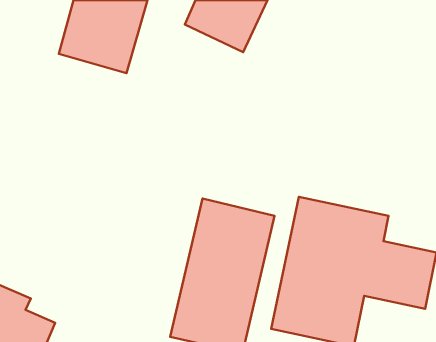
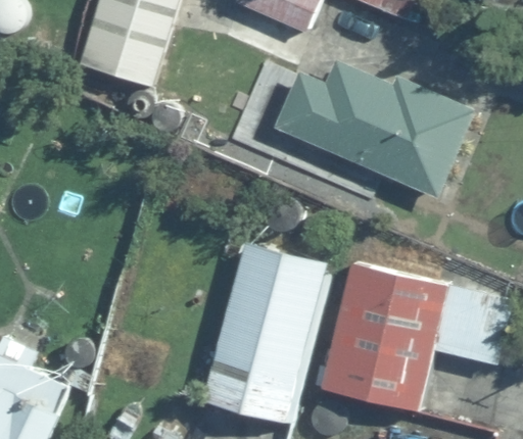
building: none -> [276,52,478,201]

